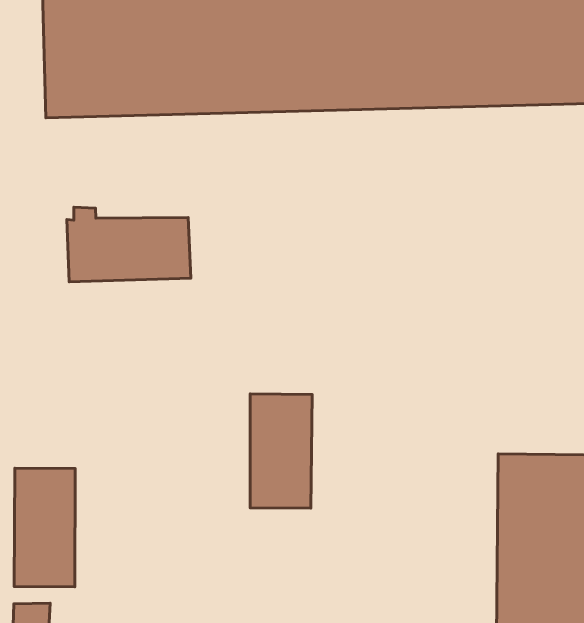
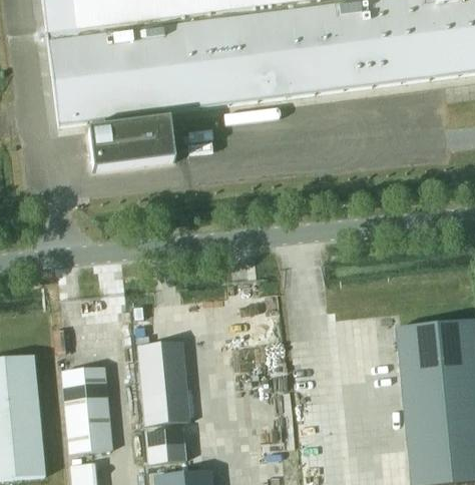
building: [67,207,191,282] -> [86,119,176,172]
building: [250,394,312,508] -> [136,340,186,423]
building: none -> [144,426,181,461]

